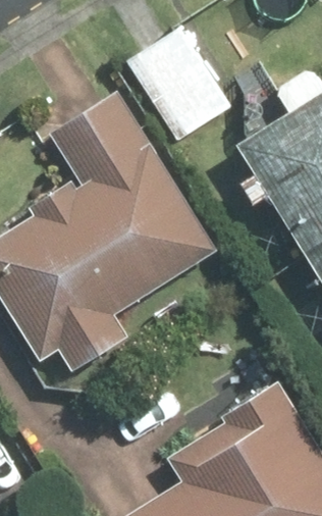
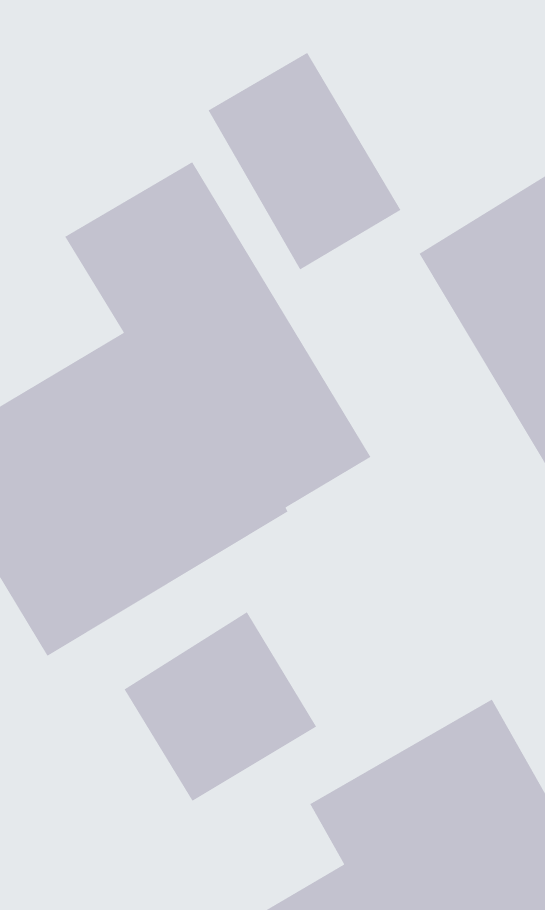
building: none -> [123,611,317,802]

